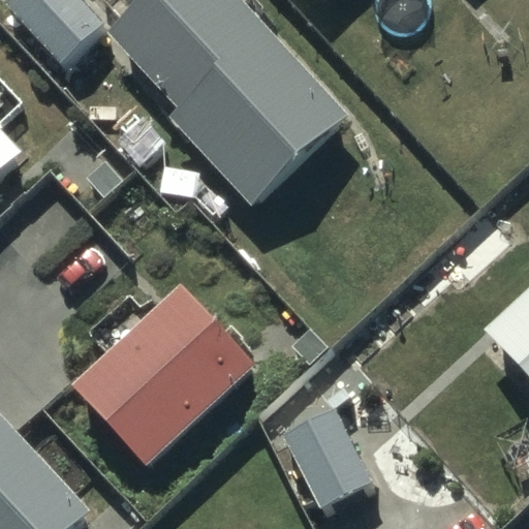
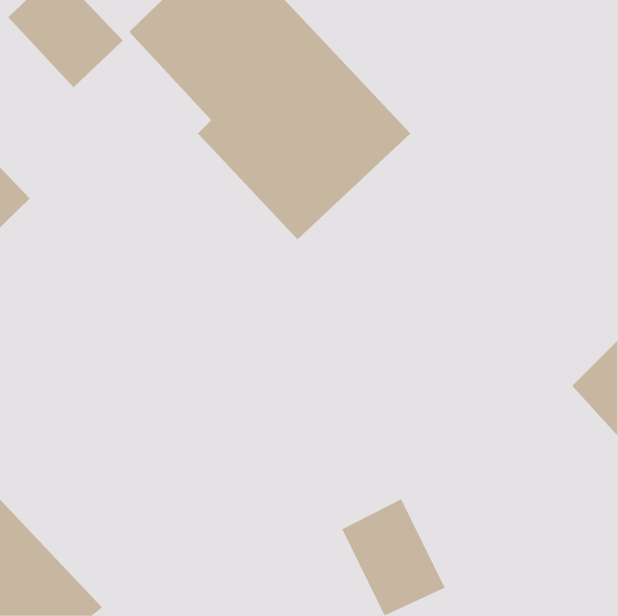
building: [75,286,254,462] -> none

